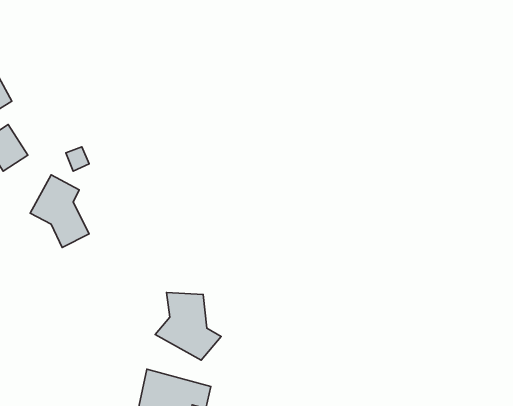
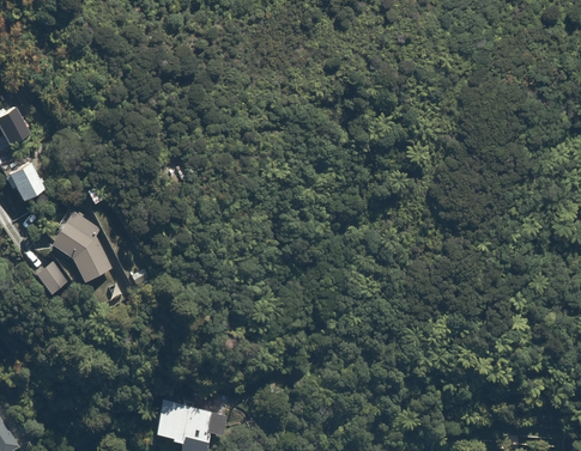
building: none -> [35,258,69,295]
building: [155,293,221,360] -> none

